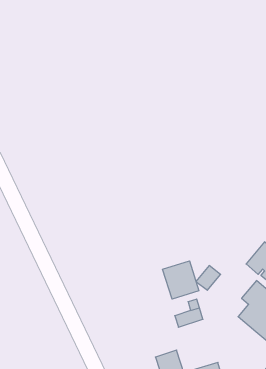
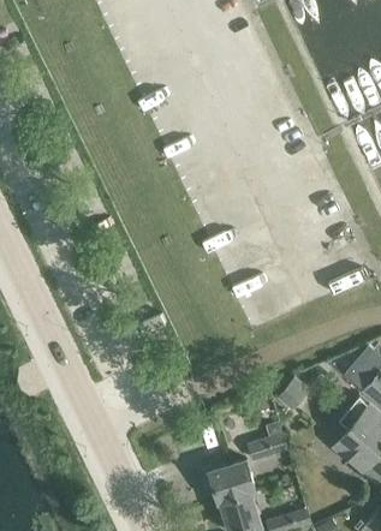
building: [163,261,199,299] -> none
building: none -> [208,461,256,503]

